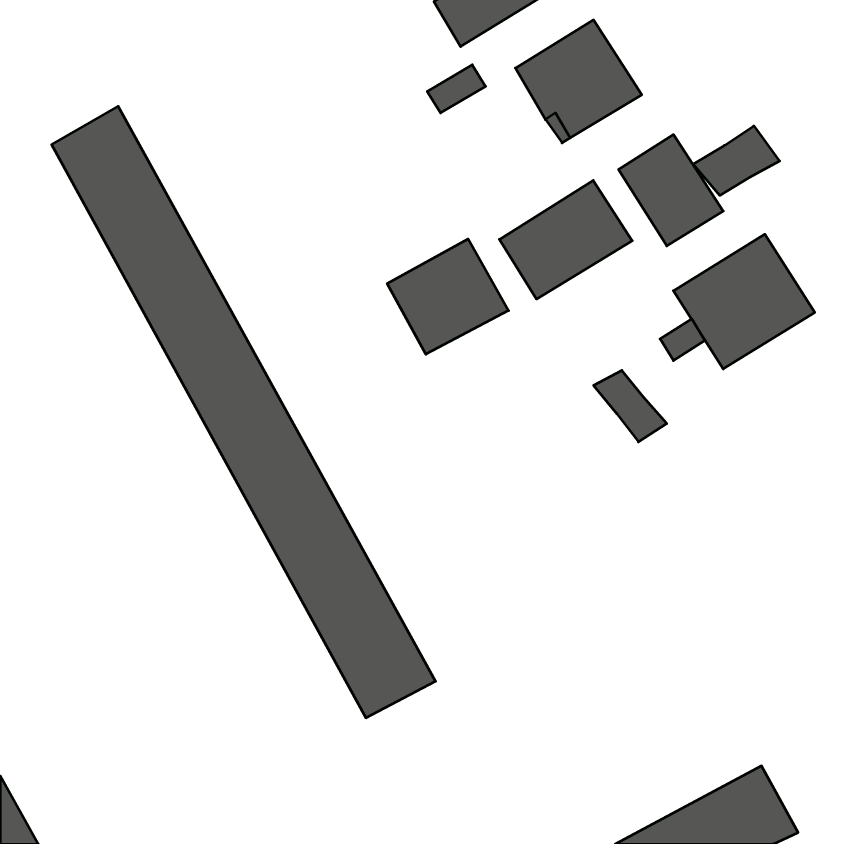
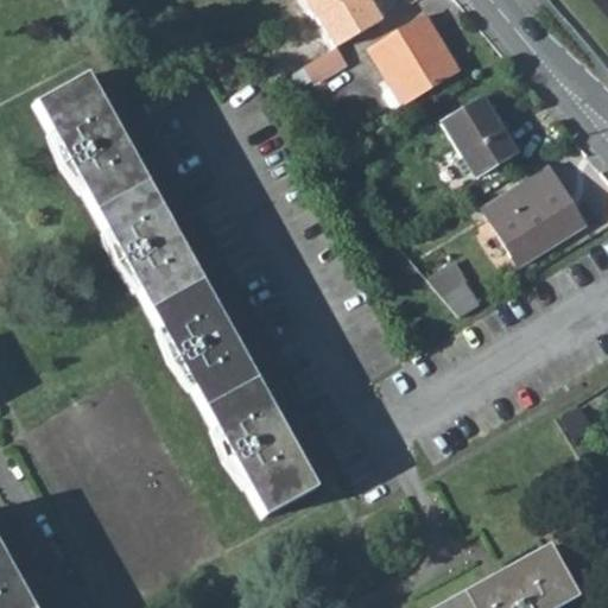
building: [693,126,780,195] -> none
building: [499,180,632,299] -> none
building: [387,239,509,354] -> none

